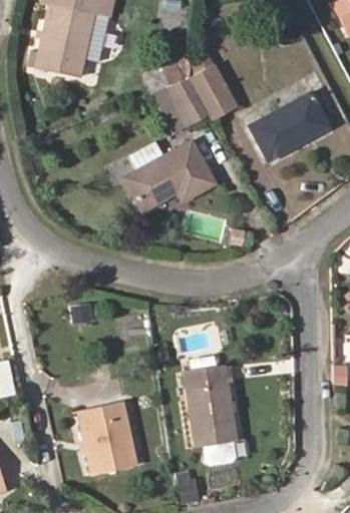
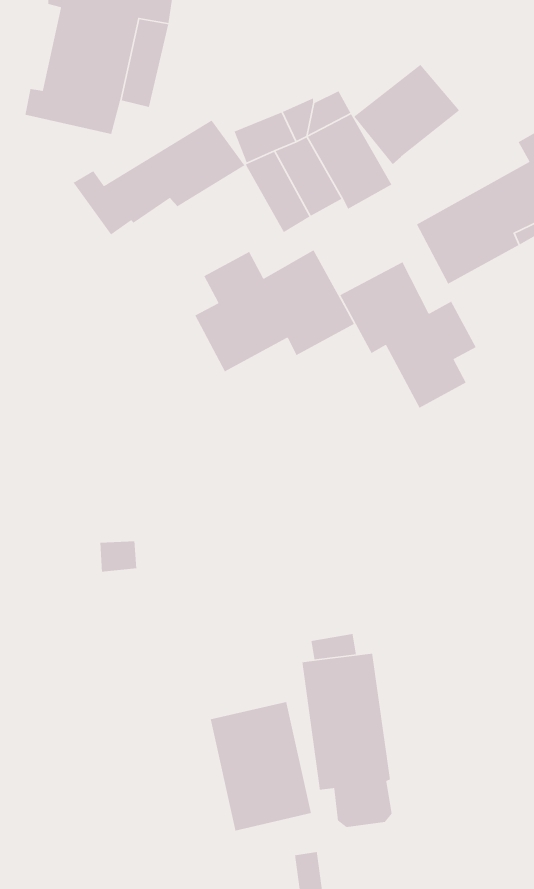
building: none -> [353,64,460,165]
building: none -> [73,120,245,236]
building: none -> [339,261,477,409]
building: [78,401,135,474] -> [210,701,312,831]

